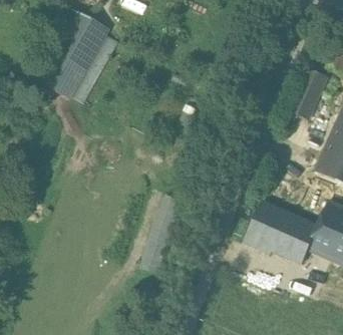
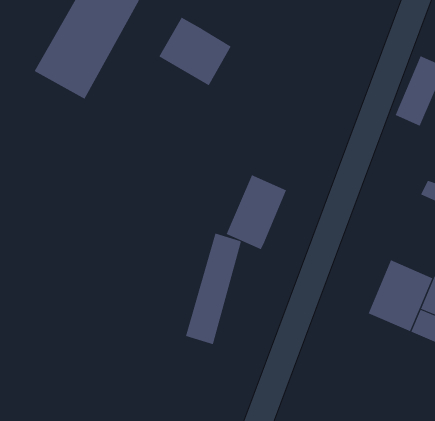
building: none -> [158,17,232,86]
building: [244,200,287,253] -> [226,175,287,250]

